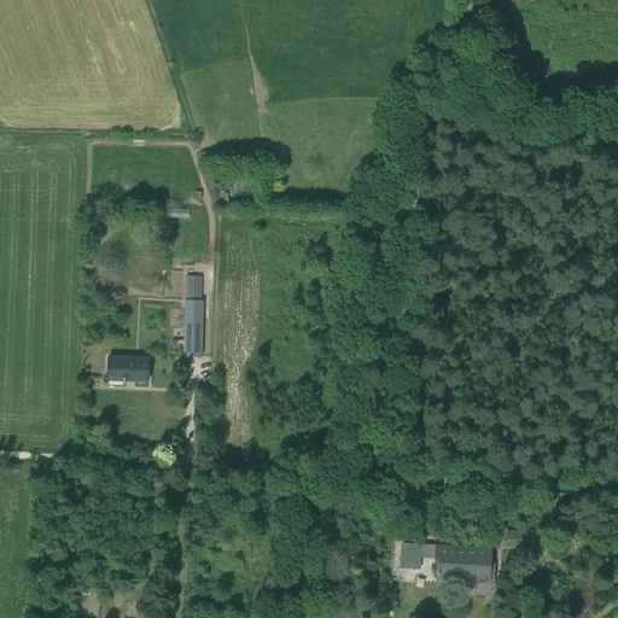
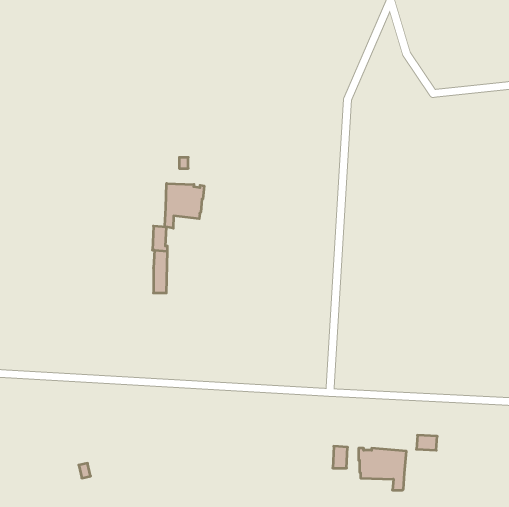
building: none -> [165,183,204,228]
building: [107,355,148,381] -> none

